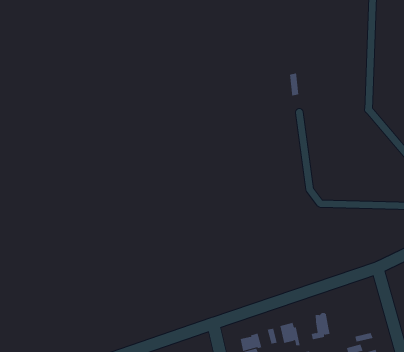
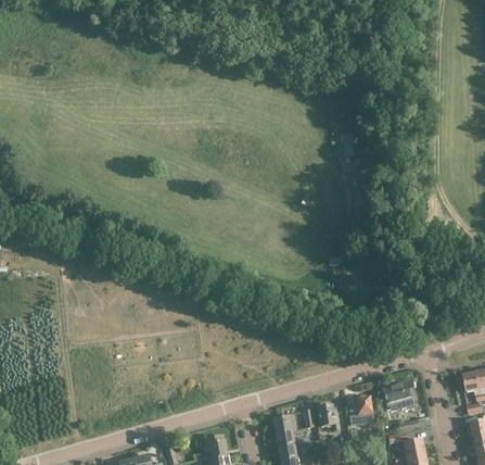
building: none -> [382,380,411,407]

